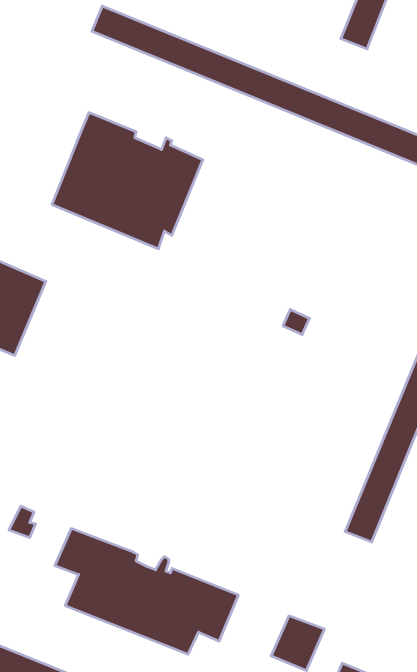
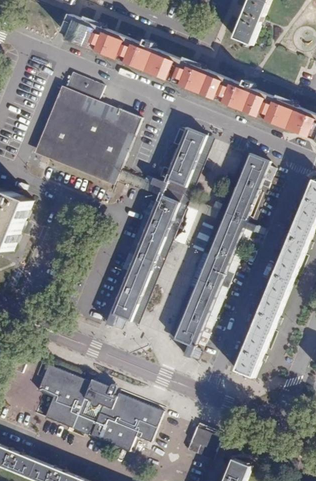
building: none -> [61,72,100,100]
building: none -> [157,131,204,196]
building: none -> [172,157,272,347]
building: none -> [109,196,177,322]

